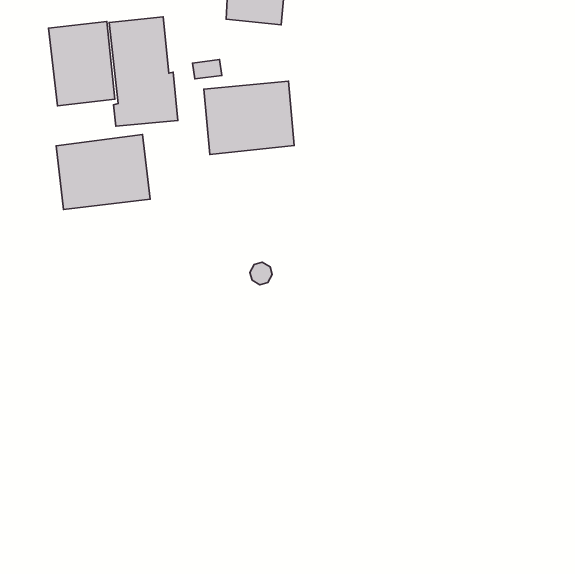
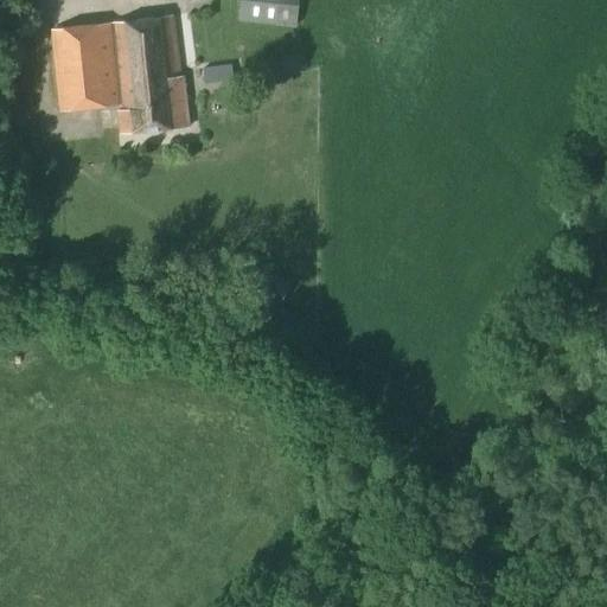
building: [204,81,294,155] -> none
building: [56,135,150,209] -> none

